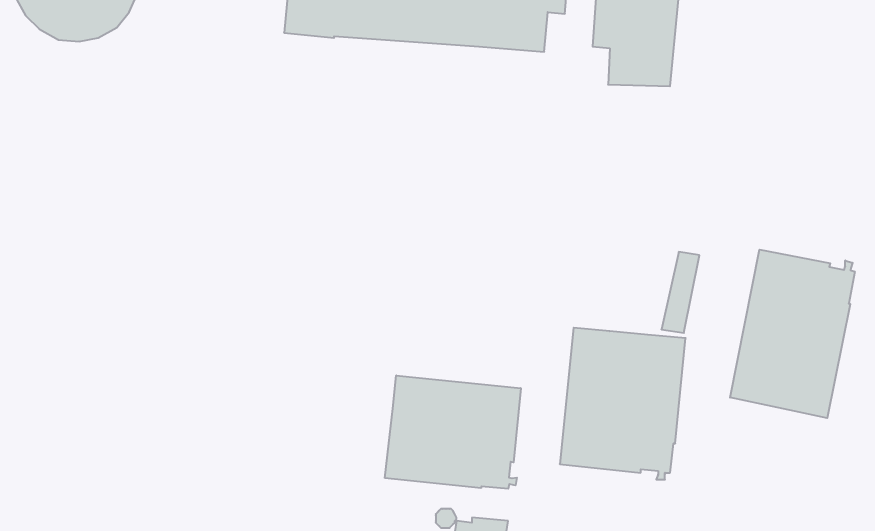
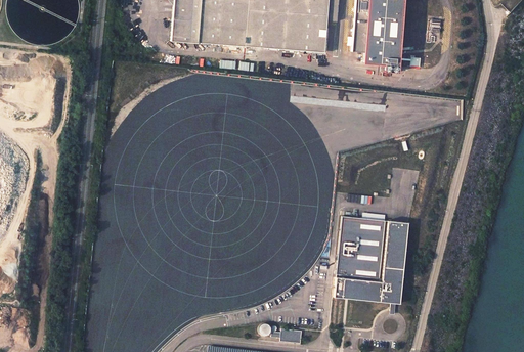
building: [730,250,855,418] -> none
building: [385,375,521,489] -> none

